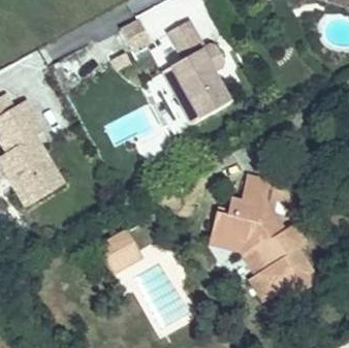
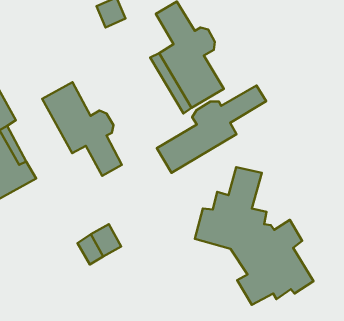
building: none -> [42,82,122,176]
building: none -> [157,85,266,173]

